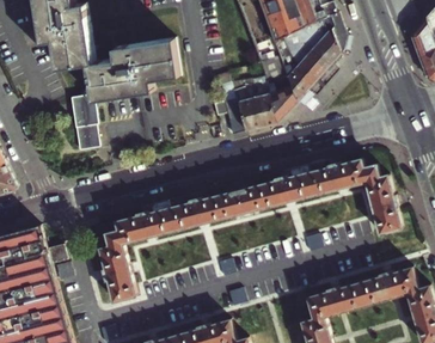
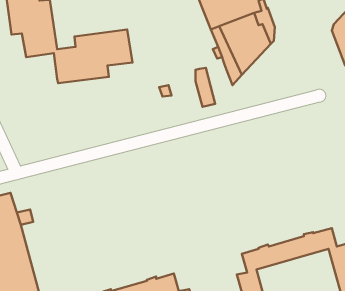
building: [257,60,295,124] -> none
building: [231,85,261,133] -> none
building: [72,96,97,149] -> none
building: [98,159,400,302] -> none

